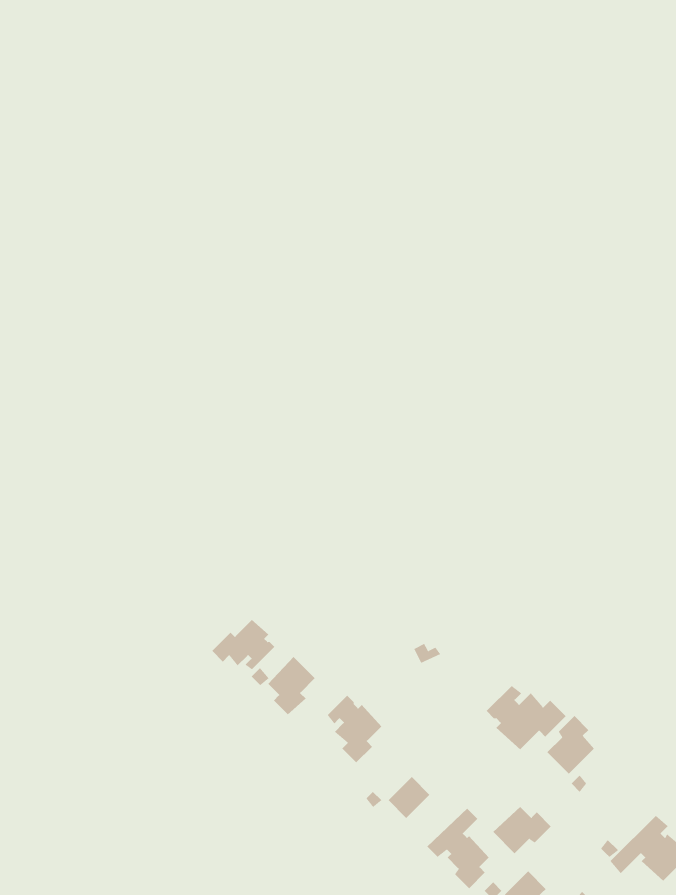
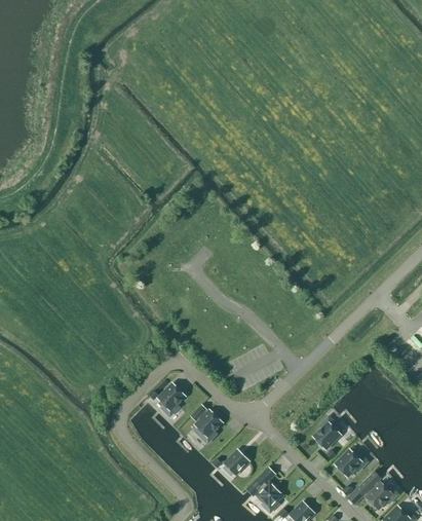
building: [212,619,275,670] -> none
building: [486,685,566,750] -> none
building: [492,806,552,854] -> [335,450,368,477]

